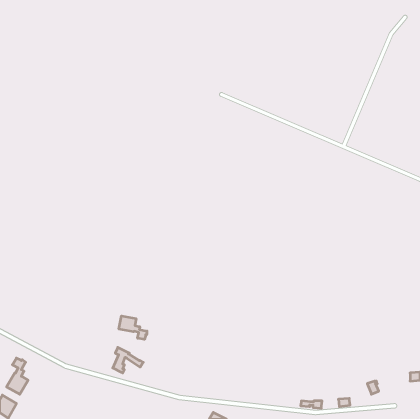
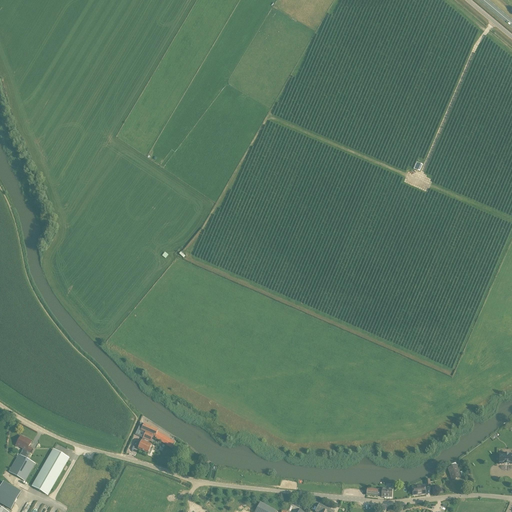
building: [119,316,147,339] -> none
building: none -> [32,448,68,493]

